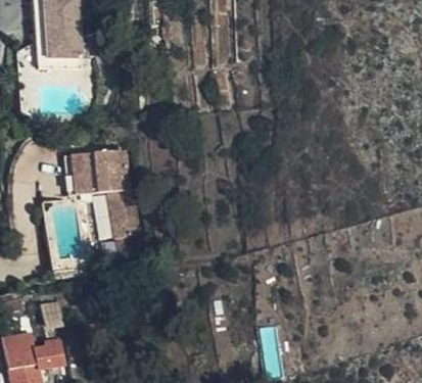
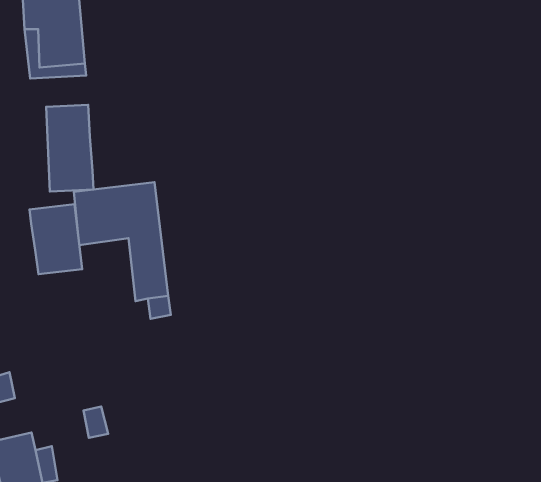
building: none -> [46,105,93,192]
building: none -> [30,204,82,274]

